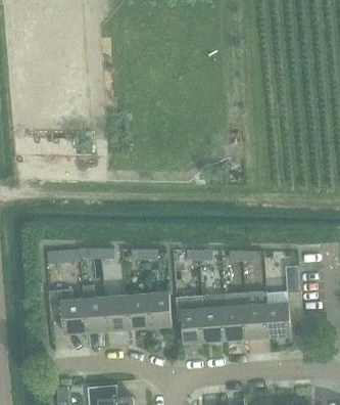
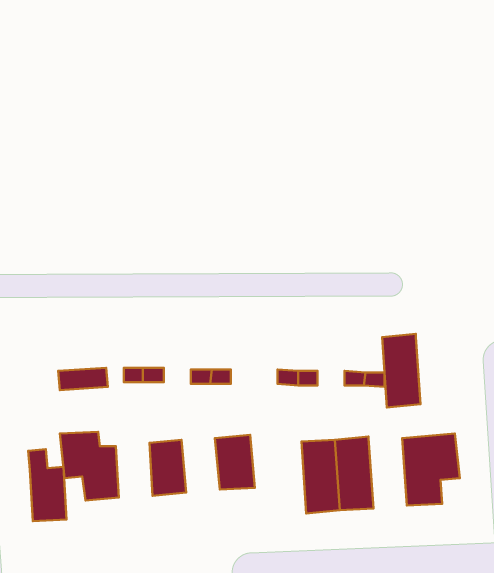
building: [83,285,107,331] -> [28,449,67,521]
building: [245,291,270,339] -> [382,334,421,407]
building: [126,294,150,328] -> none
building: [181,296,205,343] -> none

